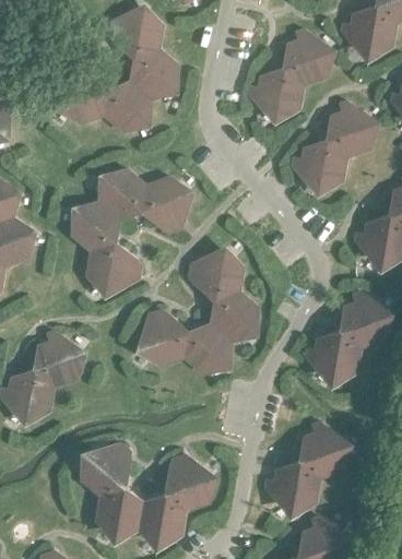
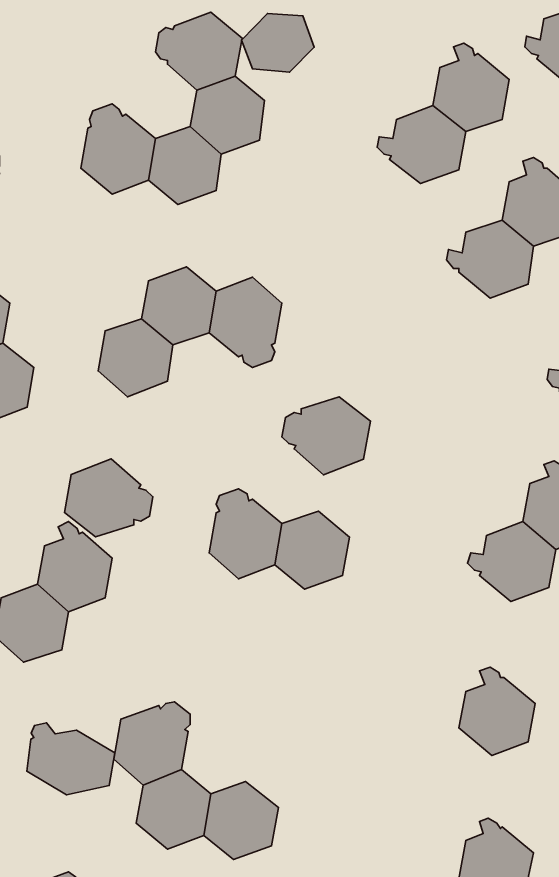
building: none -> [242,14,314,72]
building: [86,242,142,292] -> [64,459,153,537]
building: [211,292,258,341] -> none
building: [165,455,213,511] -> none
building: none -> [27,723,115,795]
building: [264,461,320,511] -> none

